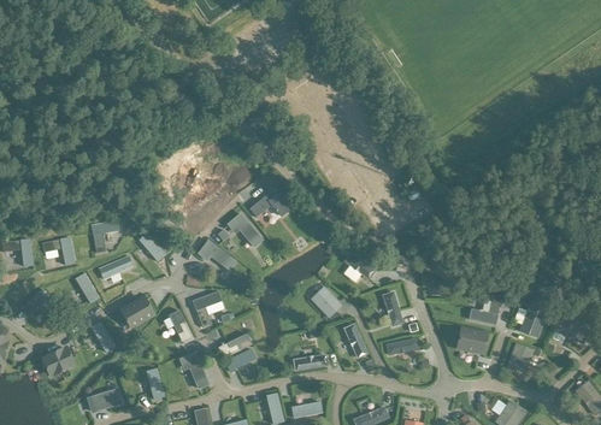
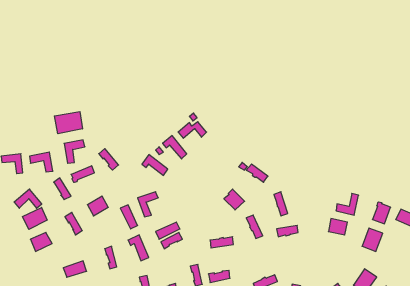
building: none -> [54,112,82,134]
building: none -> [22,207,47,229]

